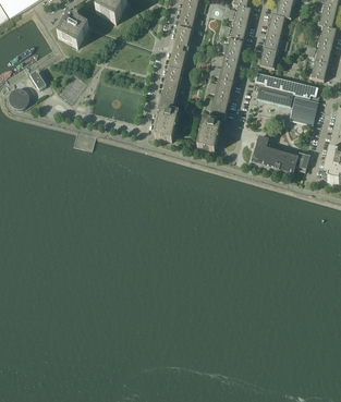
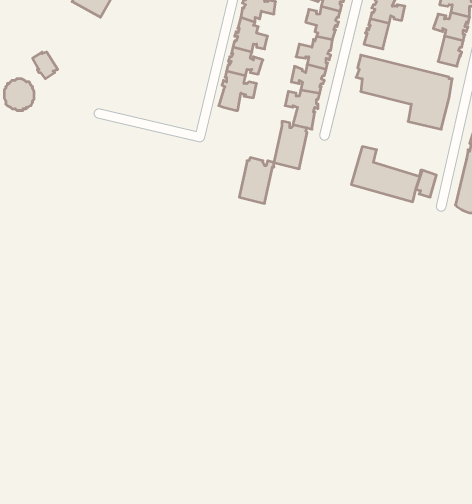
building: [154,108,178,139] -> [239,158,274,203]

